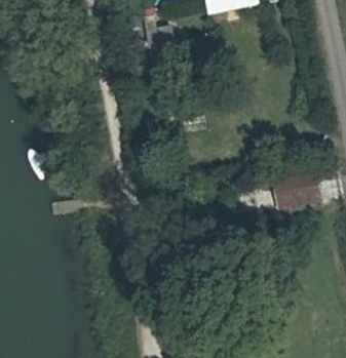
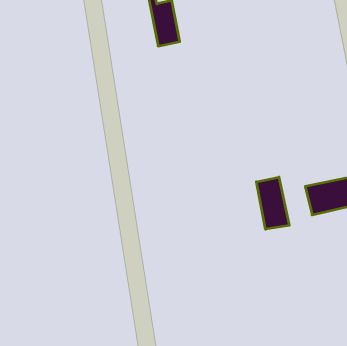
building: none -> [256,177,289,229]

